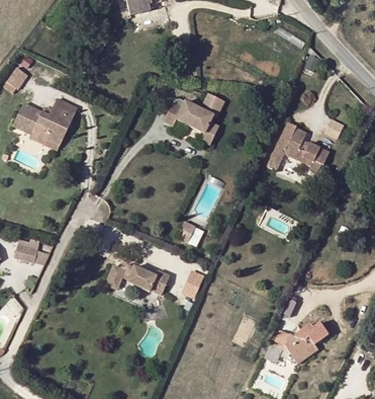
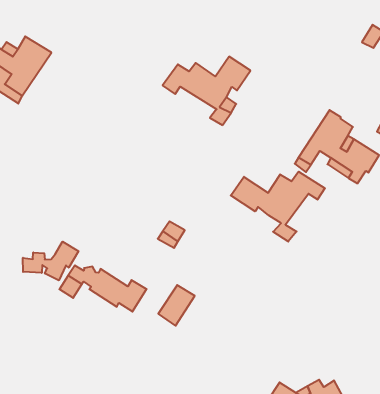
building: none -> [231,172,325,242]
building: none -> [23,242,78,280]

